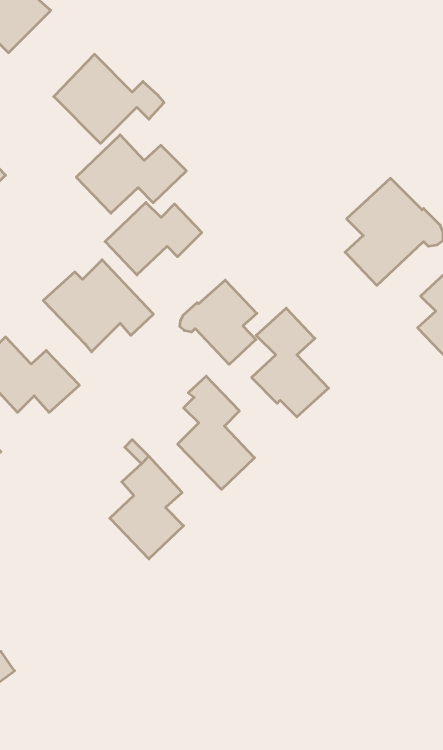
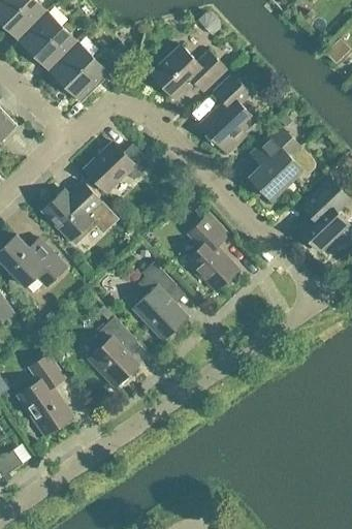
building: none -> [19,11,77,70]
building: none -> [200,74,254,154]
building: [76,135,186,213] -> [151,44,226,98]
building: [180,280,257,364] -> none
building: none -> [18,354,72,435]

